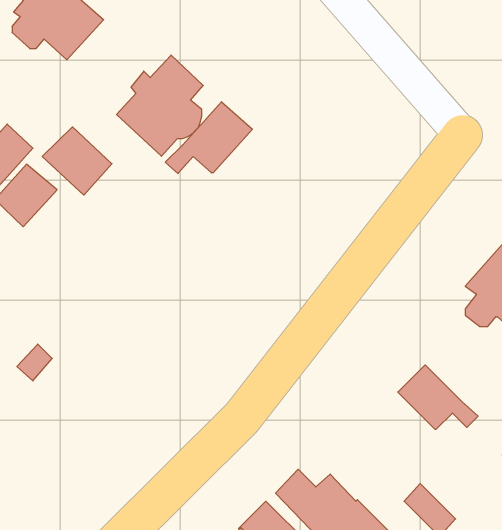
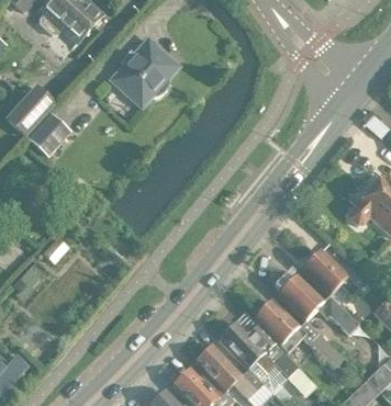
building: [165,102,252,174] -> none
building: [42,127,112,195] -> none
building: none -> [278,274,358,332]
building: none -> [253,298,308,345]

